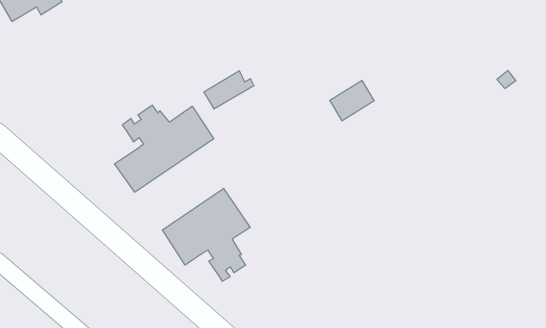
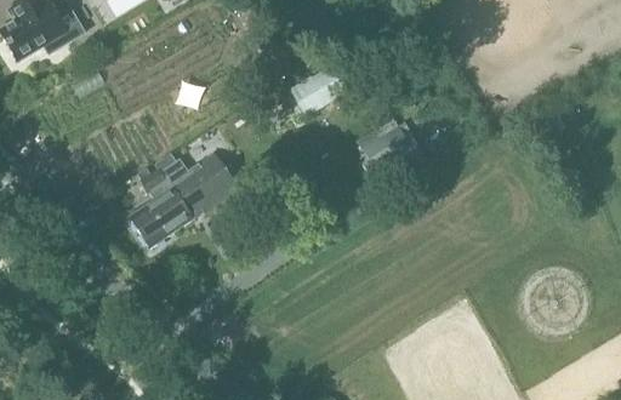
building: [204,71,254,109] -> [296,65,351,107]
building: [162,188,250,281] -> none

